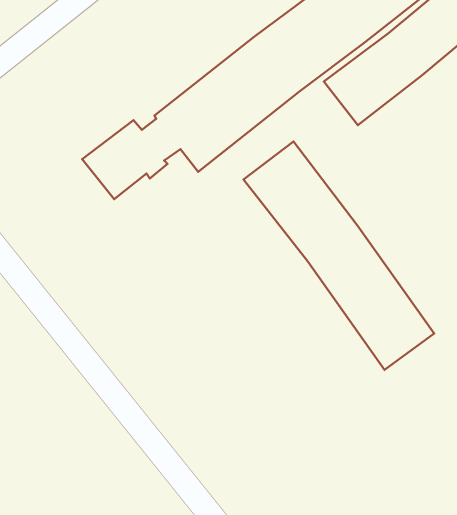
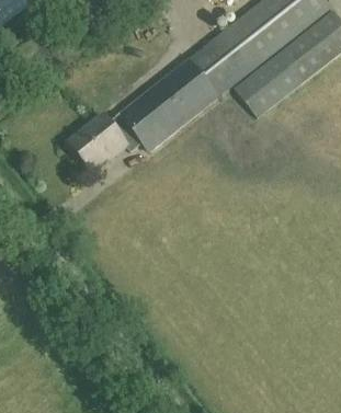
building: [244,141,434,370] -> none

